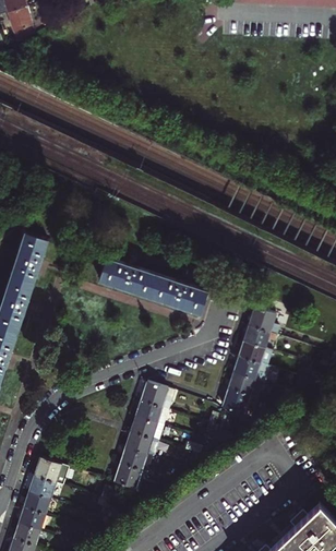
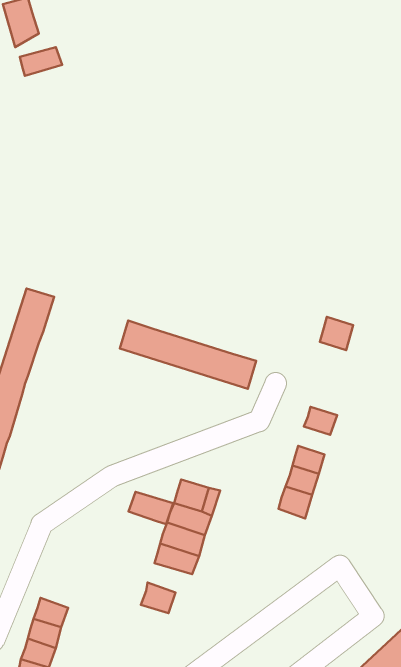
building: none -> [20,47,62,76]
building: [247,309,273,335] -> [320,317,353,350]
building: [237,344,271,369] -> none
building: [119,451,154,476] -> [129,492,173,524]
building: [35,460,71,488] -> none

